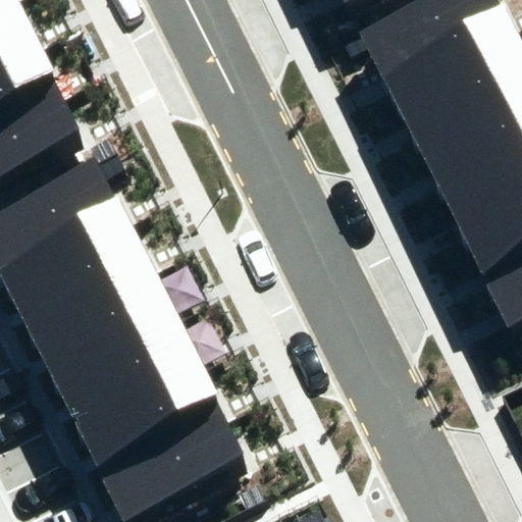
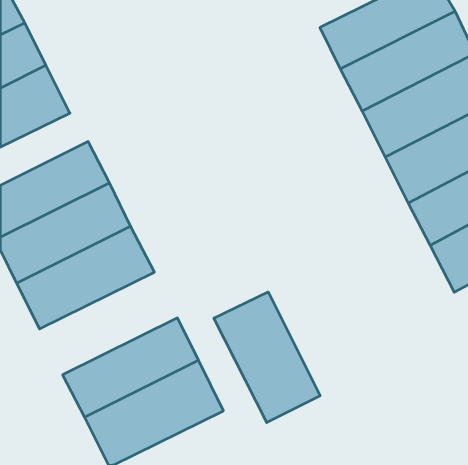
building: [46,302,199,416] -> none
building: none -> [214,292,320,423]

